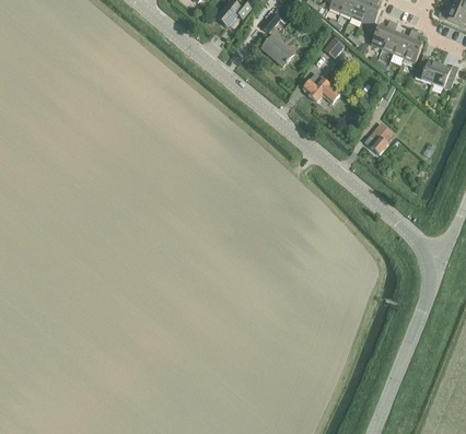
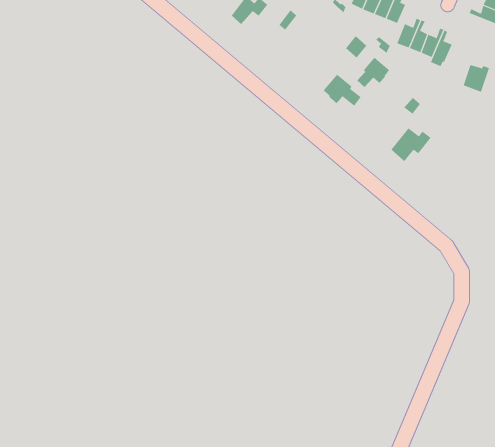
building: [261,34,293,64] -> none
building: [416,54,441,83] -> none
building: none -> [357,57,390,88]

